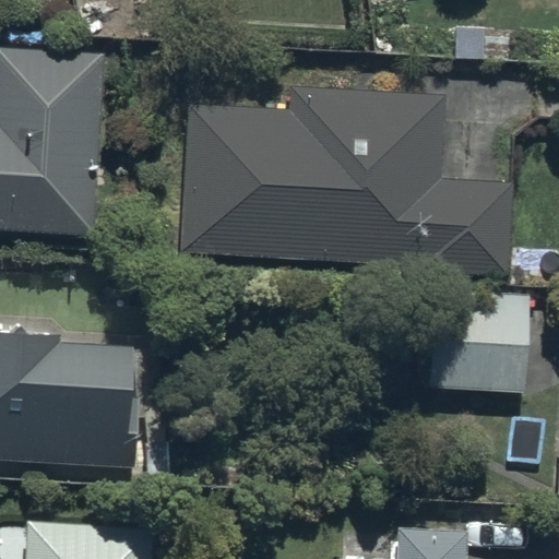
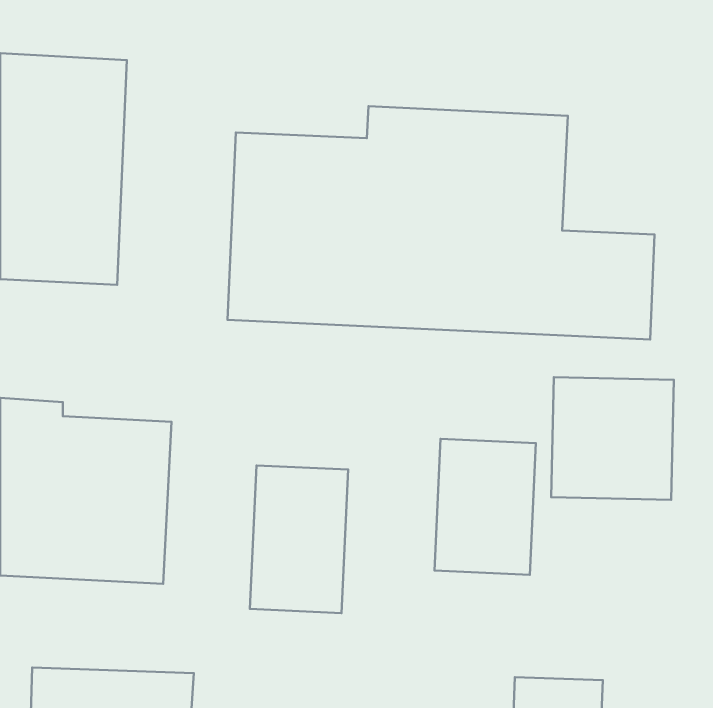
building: none -> [434,439,536,575]
building: none -> [250,465,348,613]

